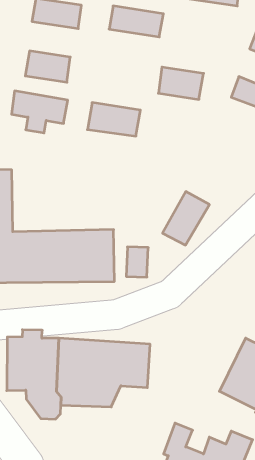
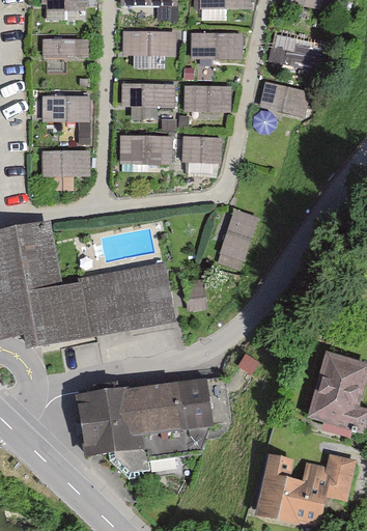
building: none -> [191,33,242,59]
building: none -> [122,82,176,108]
building: none -> [184,136,224,164]

